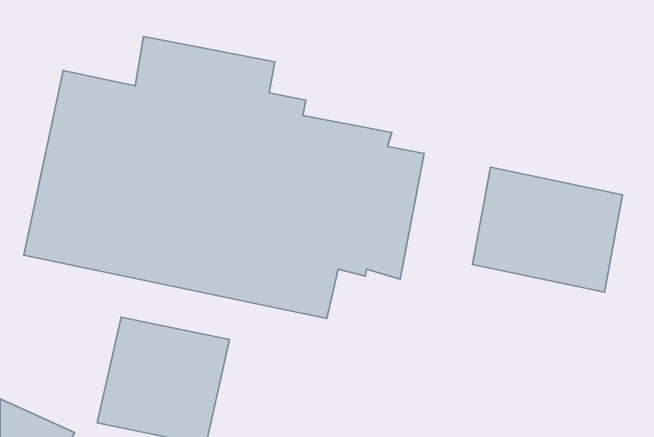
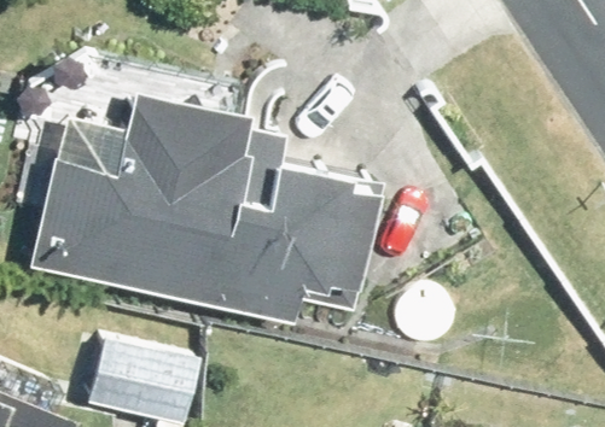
building: [473,167,622,292] -> none

